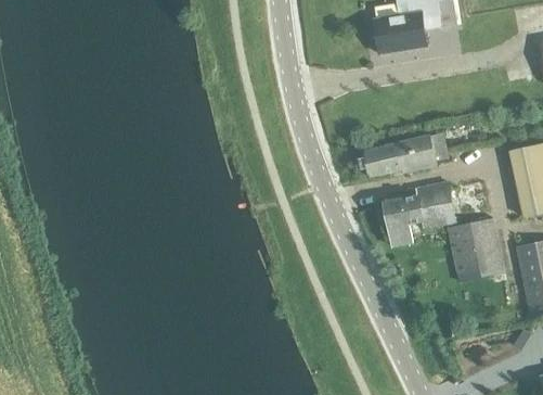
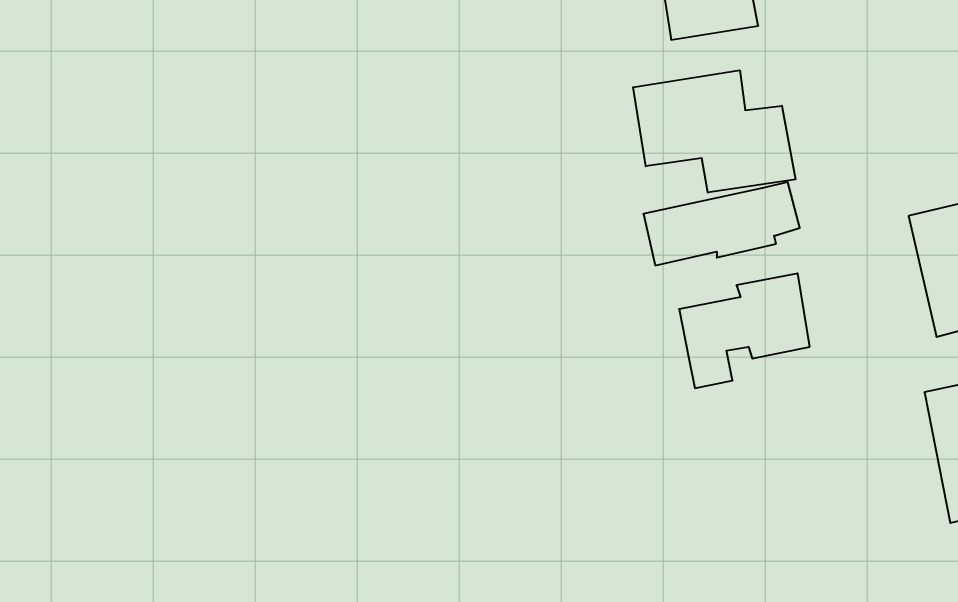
building: none -> [633,70,795,193]
building: [449,218,505,279] -> none

